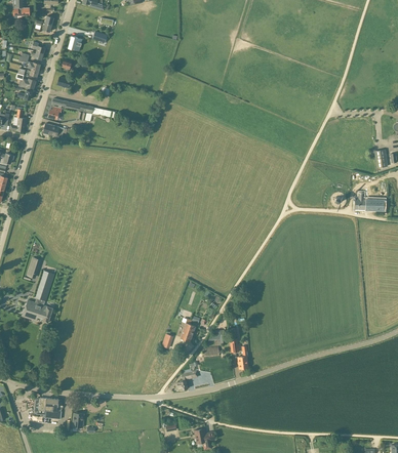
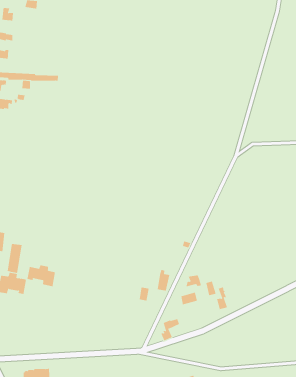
building: none -> [27,265,56,287]

